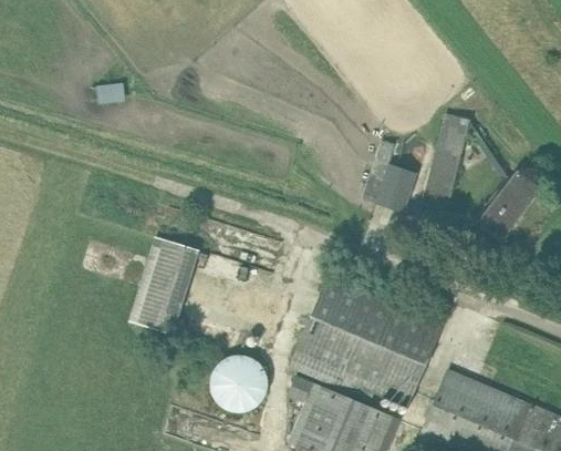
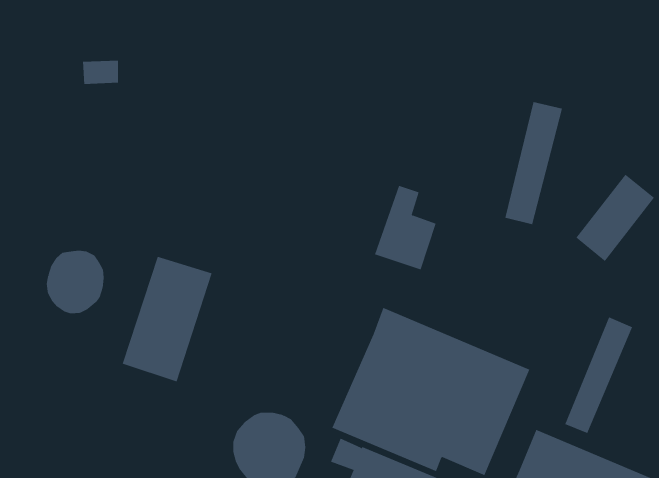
building: [364,143,413,209] -> [374,185,437,270]
building: none -> [46,250,104,314]
building: none -> [565,316,633,434]

